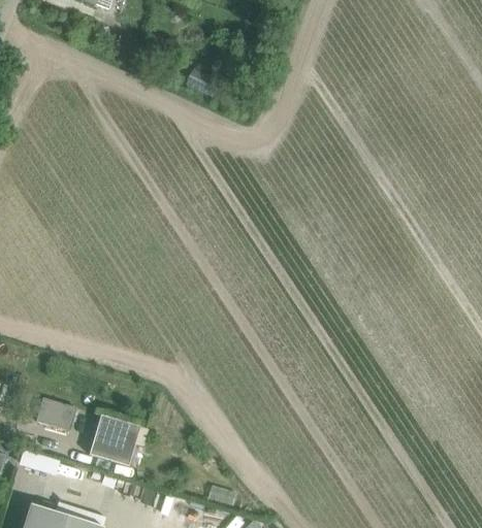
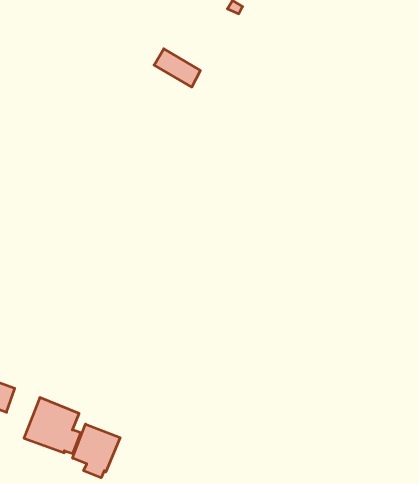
building: none -> [73,424,120,478]

